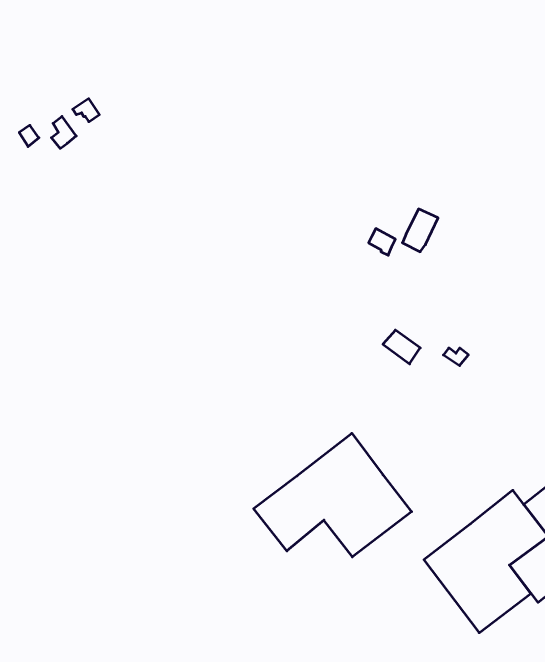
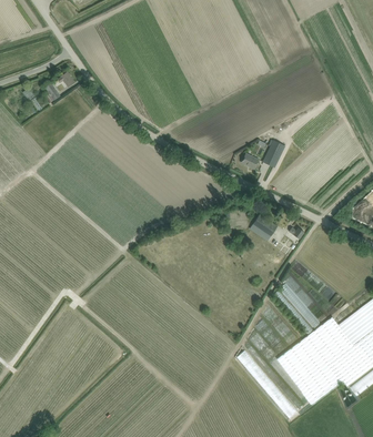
building: [254,433,412,557] -> none

